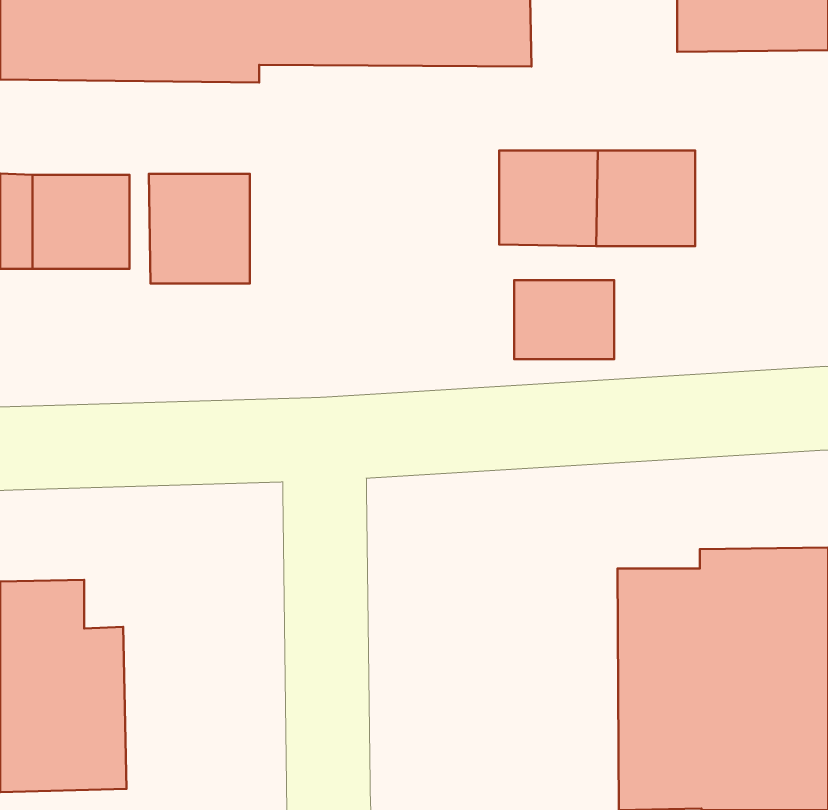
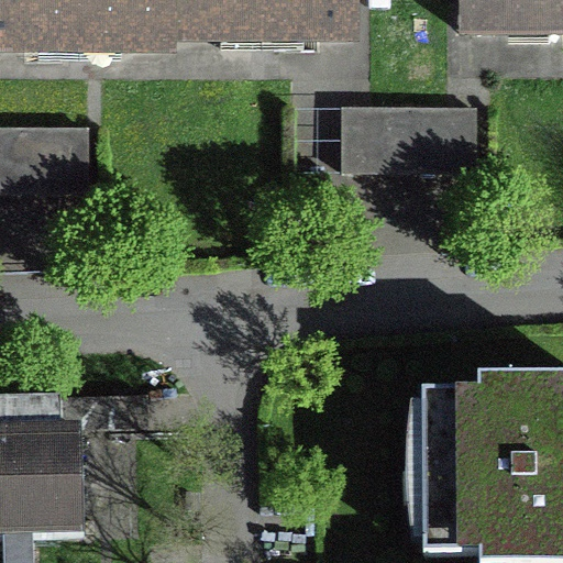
building: [149,174,250,284] -> none
building: [514,280,614,359] -> none

